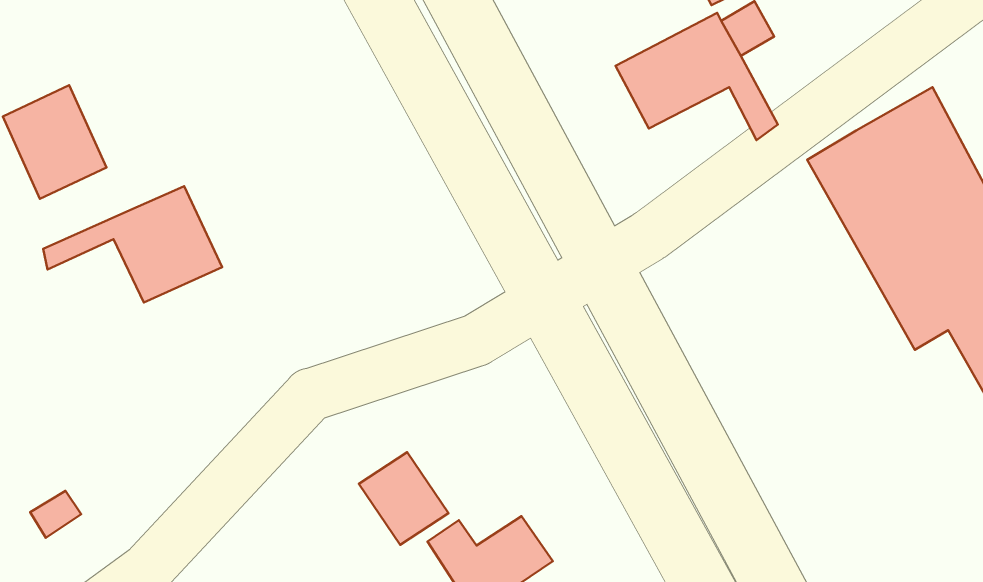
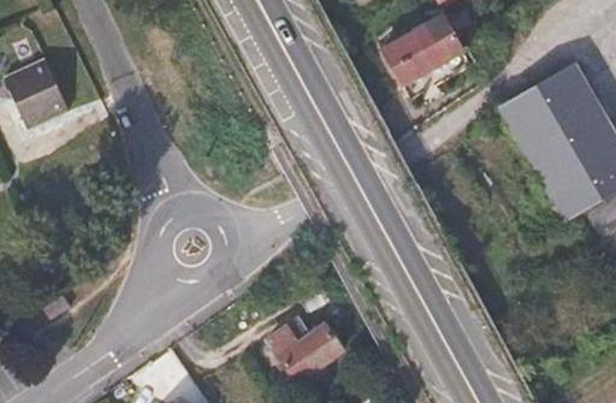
building: [43,186,222,303] -> none
building: [359,452,448,545] -> none

